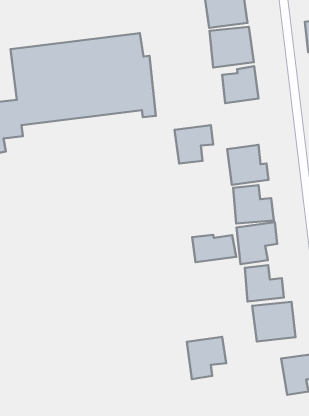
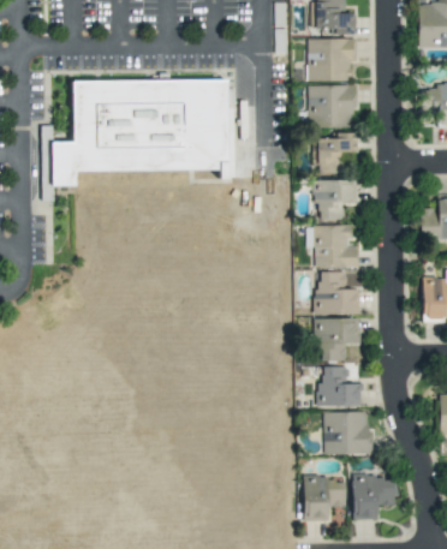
building: [175,125,213,163] -> [316,179,359,220]
building: [192,235,236,262] -> none
building: [187,337,226,379] -> [304,476,347,521]

